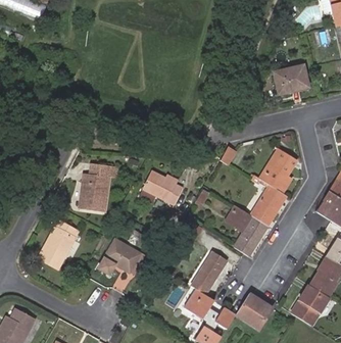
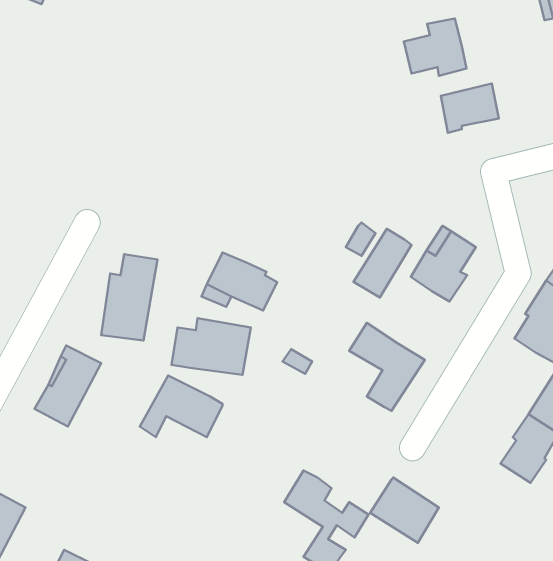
building: none -> [404,18,467,76]
building: [250,186,284,226] -> [353,229,411,298]
building: none -> [171,318,251,375]
building: [190,251,225,294] -> none
building: [290,285,328,327] -> none

